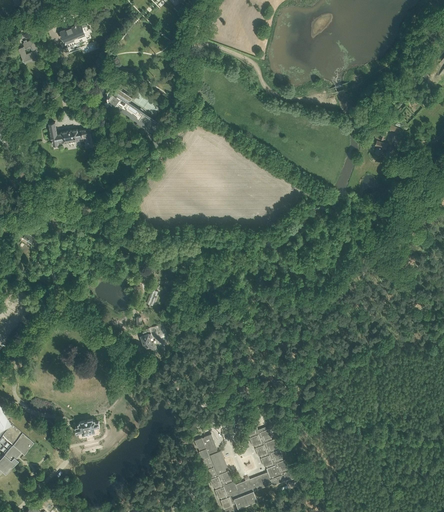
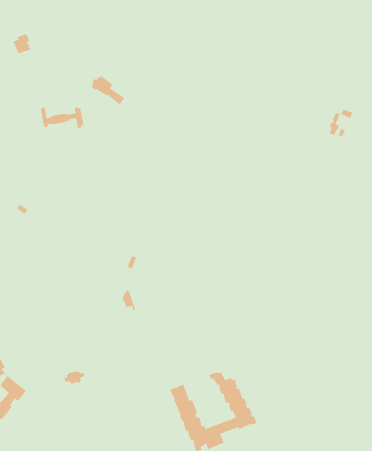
building: [59,19,89,48] -> none

